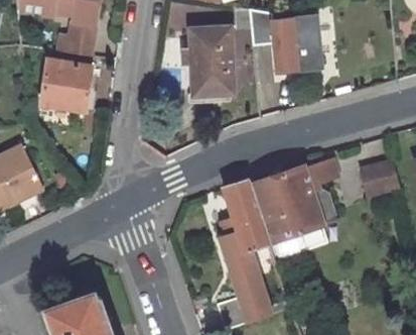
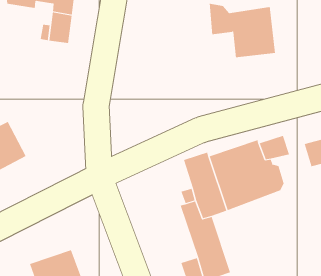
building: [182,25,231,92] -> none
building: [39,59,95,111] -> none

